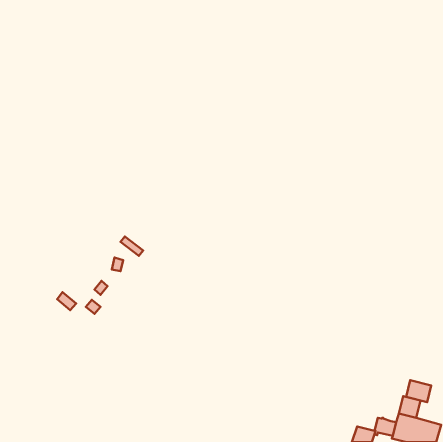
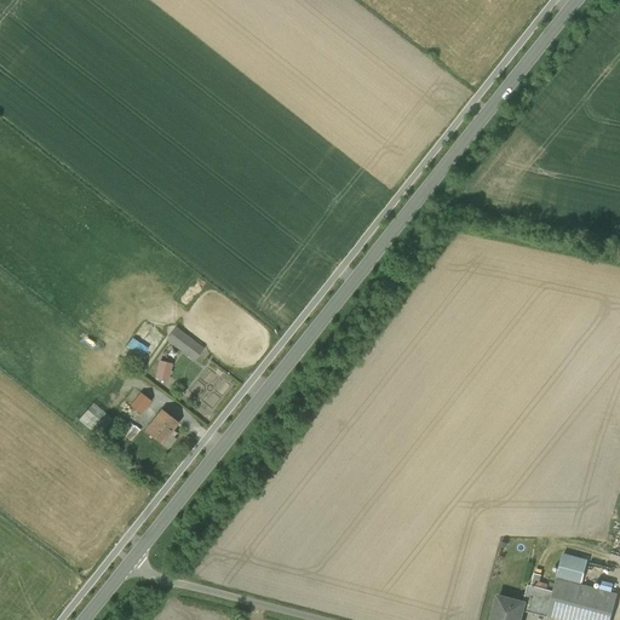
building: none -> [145,408,178,442]
building: [406,380,431,402] -> none

